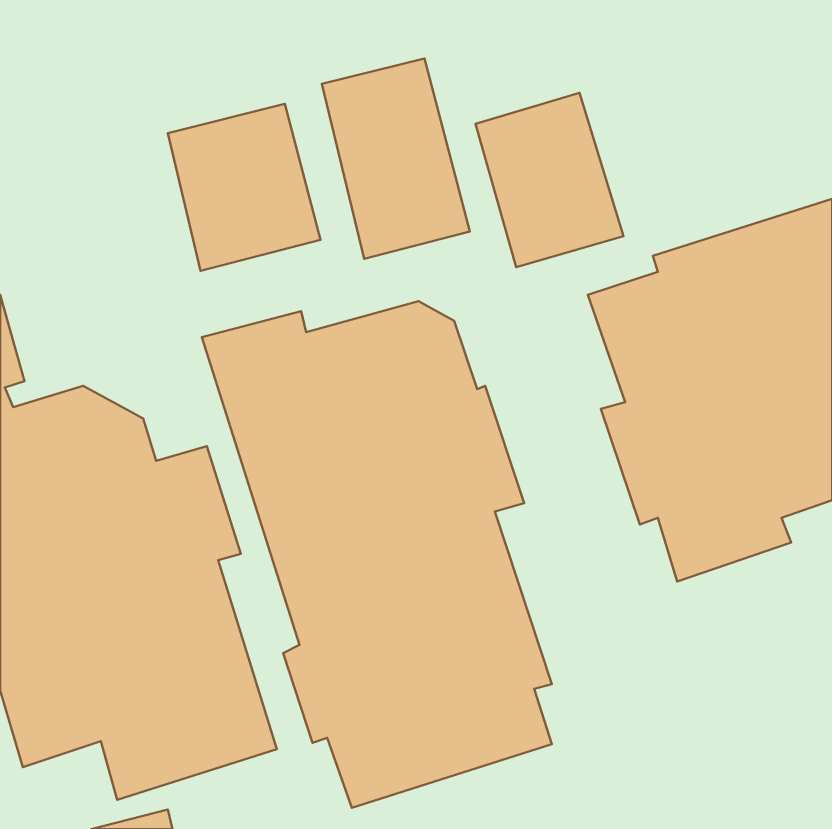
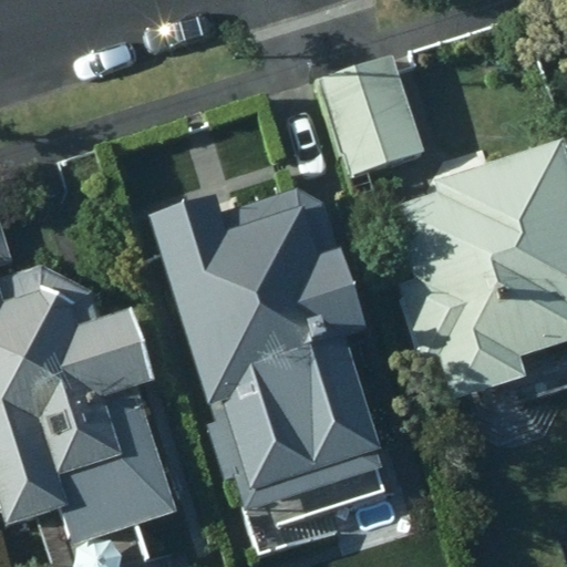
building: [322,58,470,259] -> none
building: [168,104,321,271] -> none

